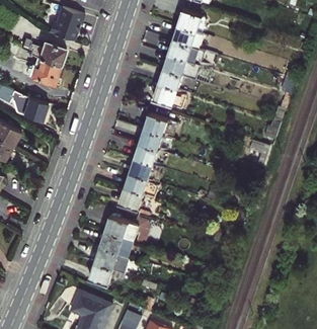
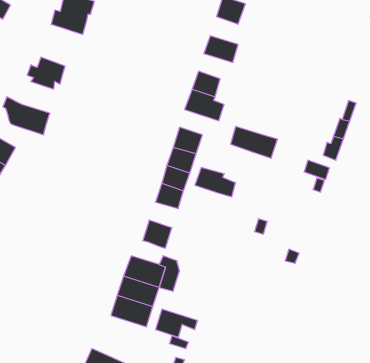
building: [173,25,203,49] -> none
building: [20,37,64,65] -> none
building: [164,55,202,80] -> [231,126,278,158]
building: [125,173,157,196] -> [195,167,236,197]
building: [89,263,123,285] -> [156,309,198,337]

